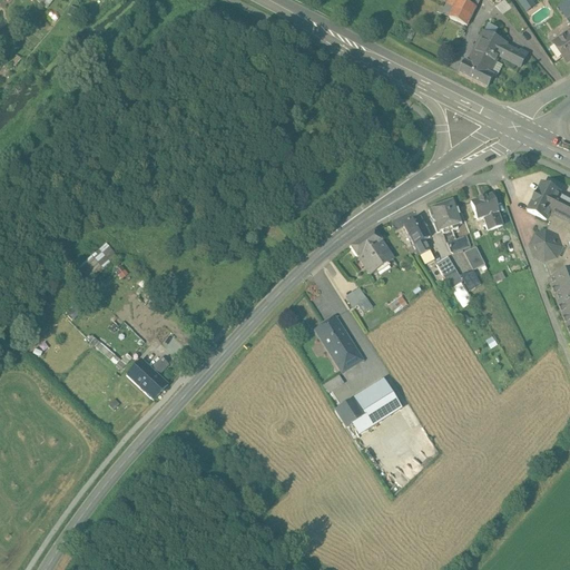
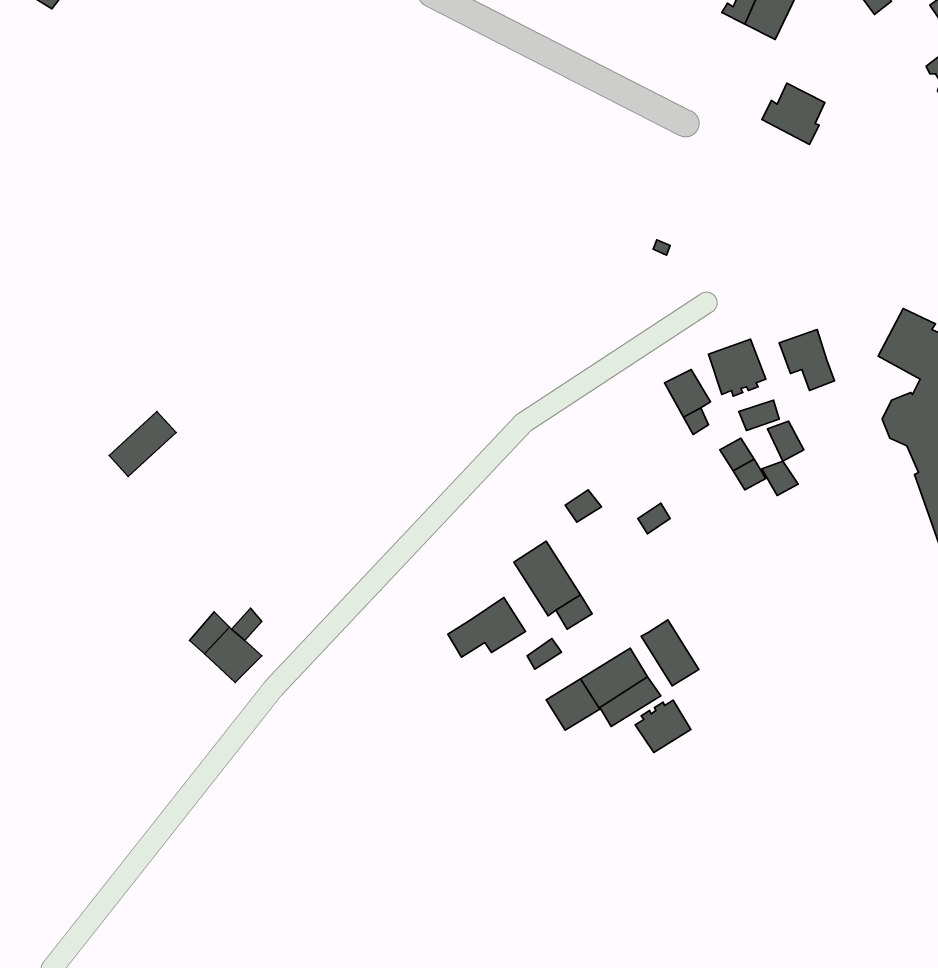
building: [475,30,527,65] -> none
building: [351,228,393,273] -> none
building: none -> [448,597,526,657]
building: none -> [641,620,699,686]
building: none -> [635,700,691,753]

